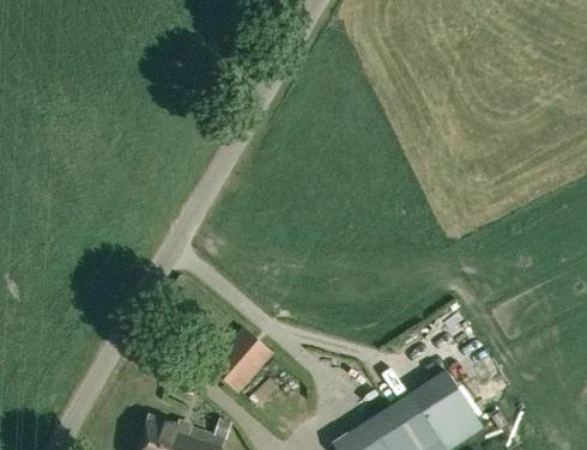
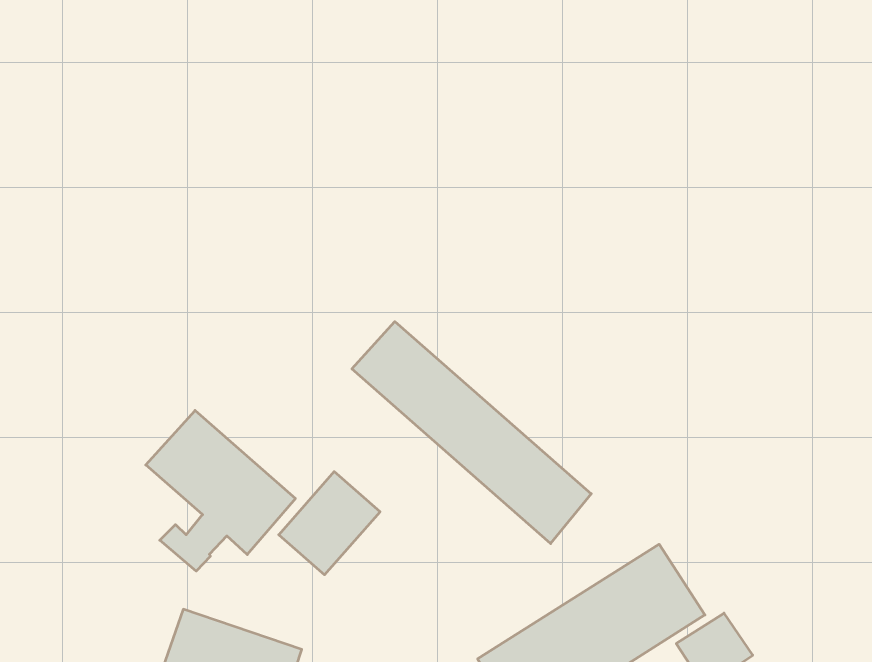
building: none -> [352,322,591,544]
building: none -> [146,410,295,571]

